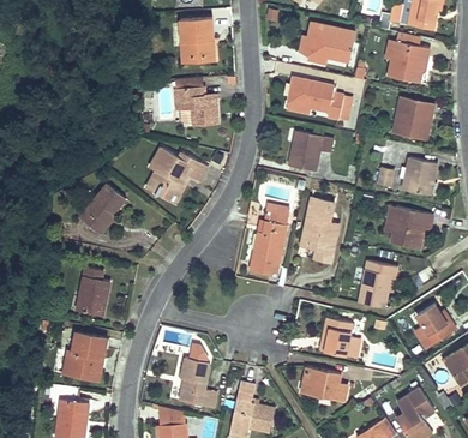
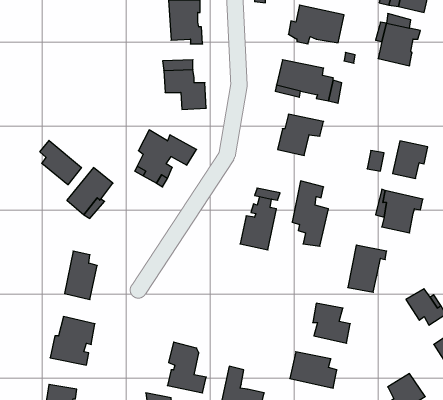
building: [394,96,433,138] -> none
building: none -> [40,140,81,185]

